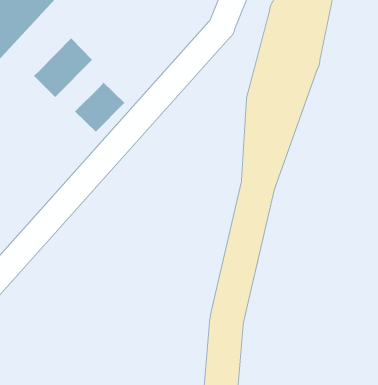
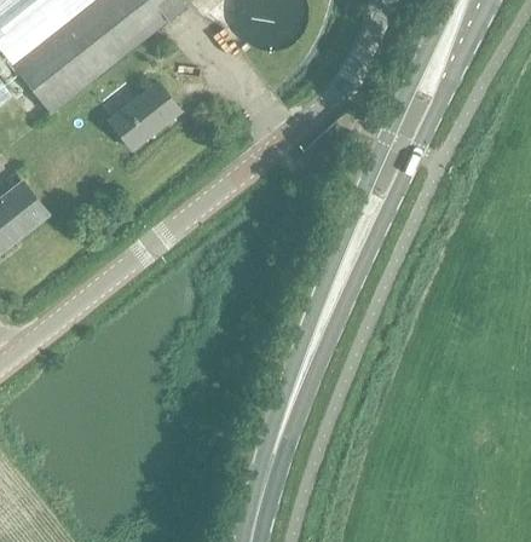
building: [74,82,125,133] -> none

